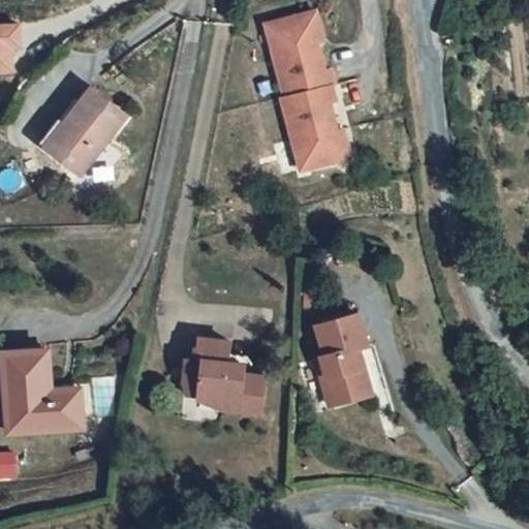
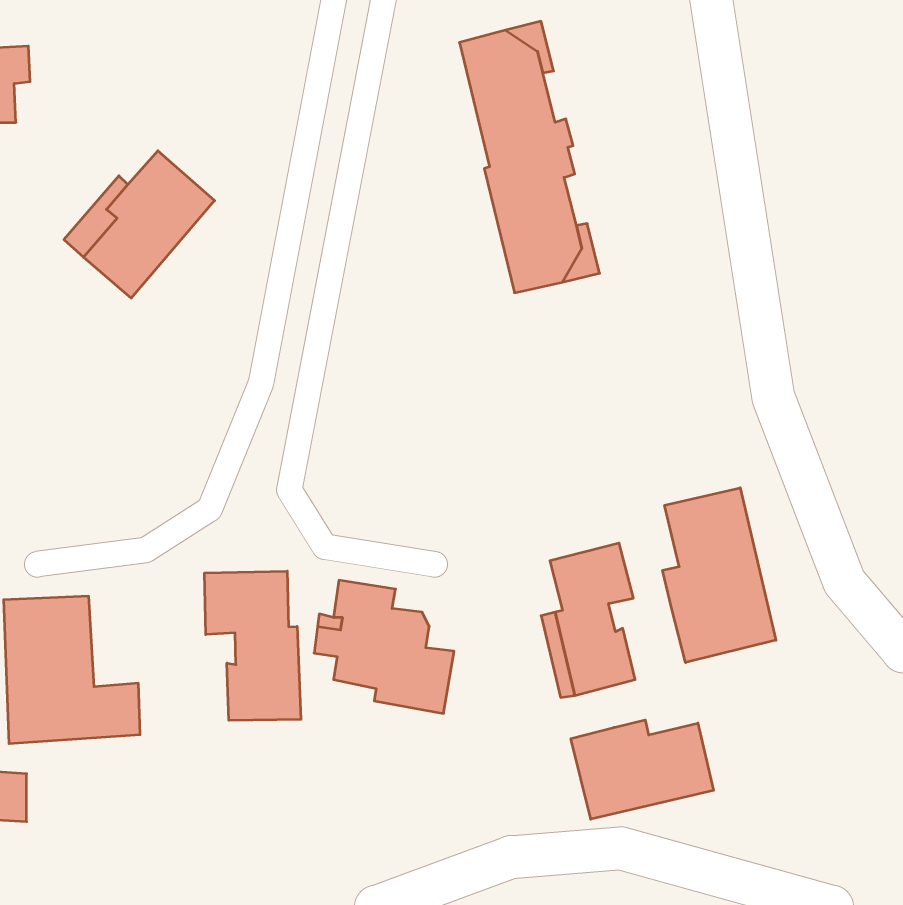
building: none -> [663,488,776,663]
building: none -> [205,571,301,720]
building: none -> [571,720,714,819]

